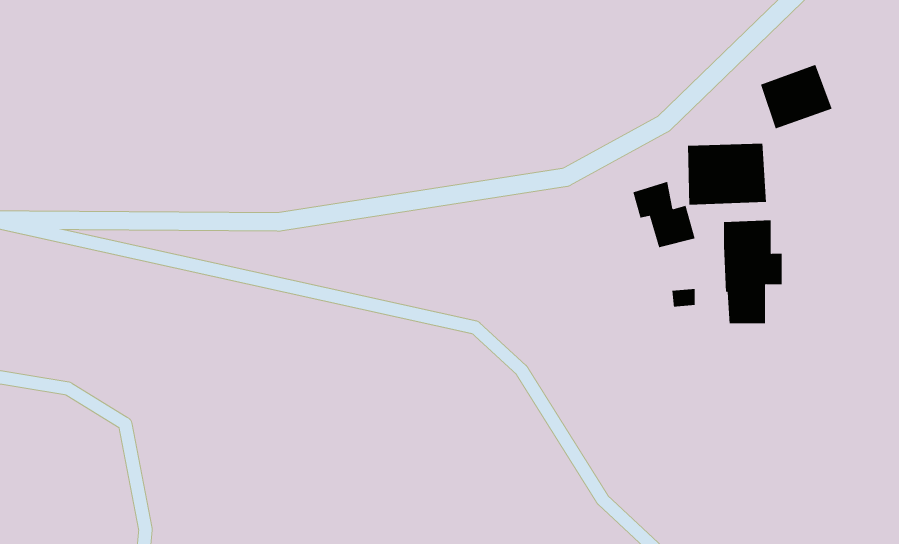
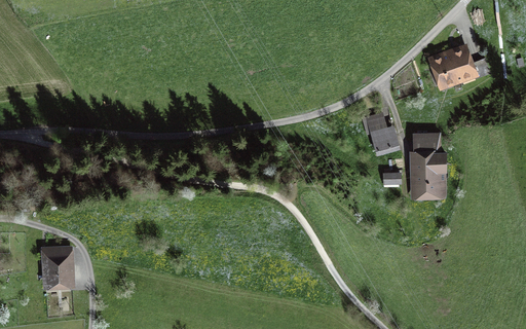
building: [688,143,766,205] -> none
building: none -> [46,247,69,283]

